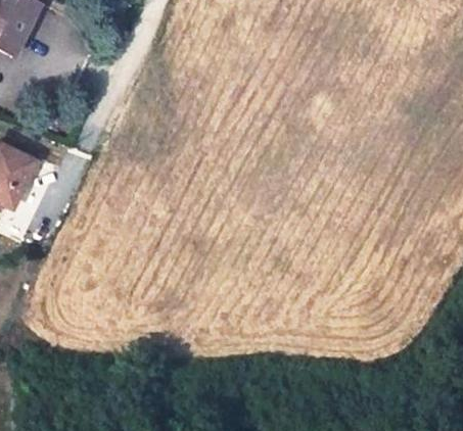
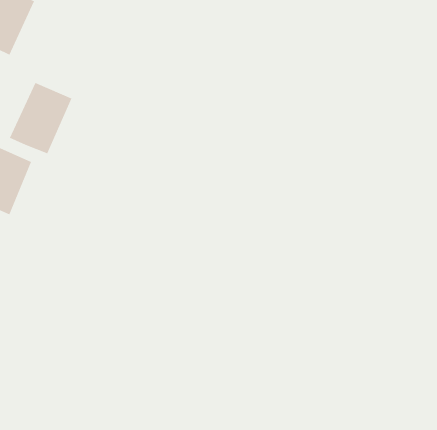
building: none -> [9,82,72,154]

